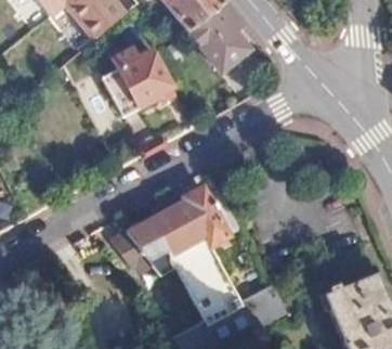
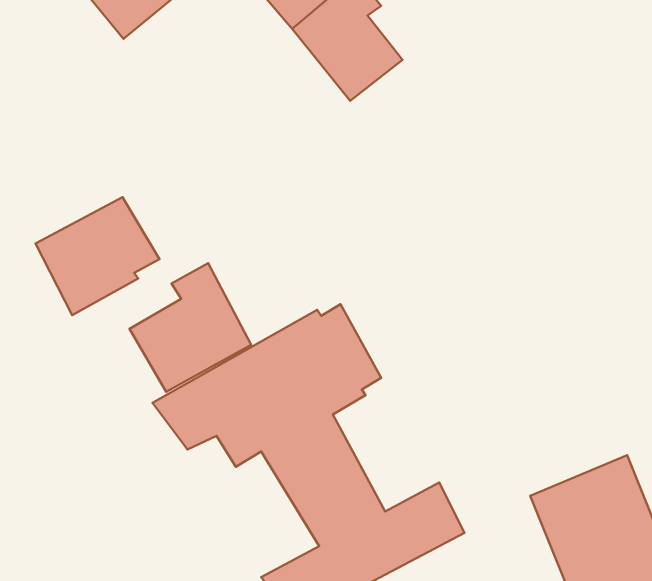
building: [101,49,170,115] -> [35,197,159,315]
building: none -> [130,263,251,392]

